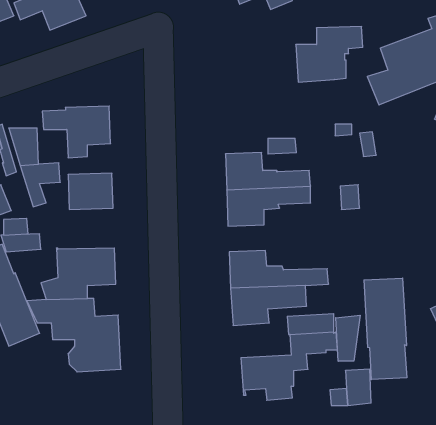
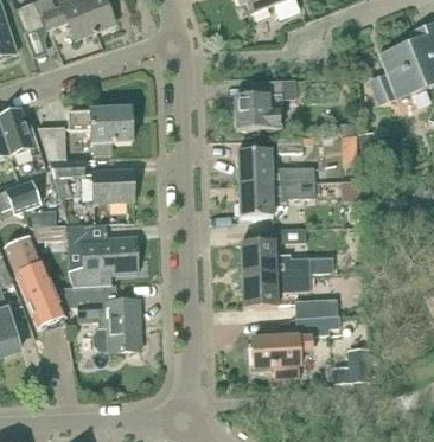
building: [296,27,363,82] -> [234,78,295,129]
building: [364,278,407,380] -> none
building: [336,315,360,361] -> none

